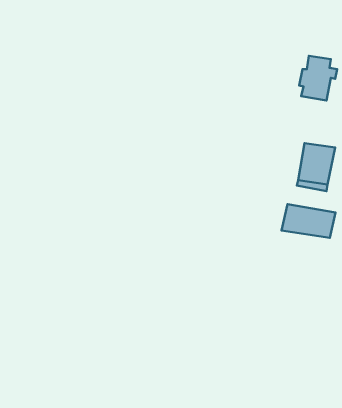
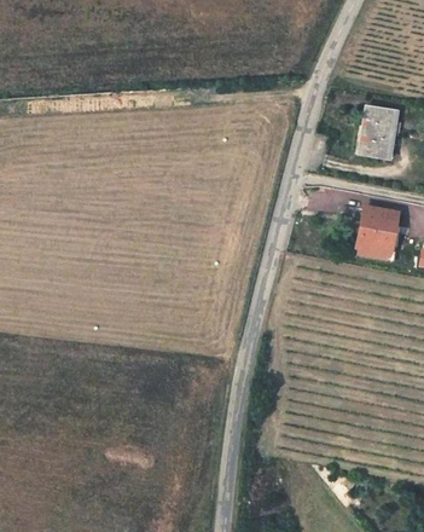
building: [281,204,335,238] -> none

